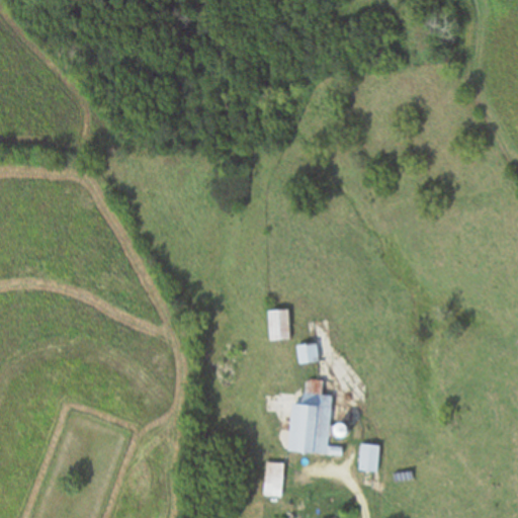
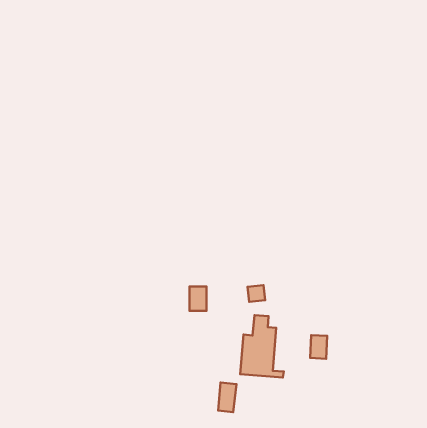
building: [270,310,290,339] -> [190,286,206,311]
building: [358,443,378,471] -> [310,335,327,359]

